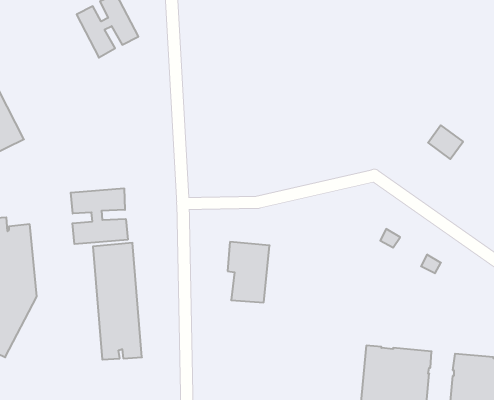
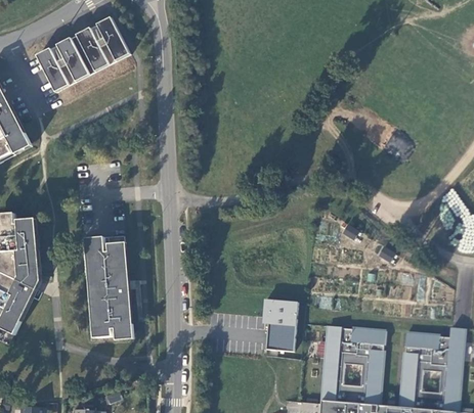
building: none -> [34,37,87,93]
building: [71,188,128,244] -> none
building: [228,242,270,302] -> [260,297,297,351]

